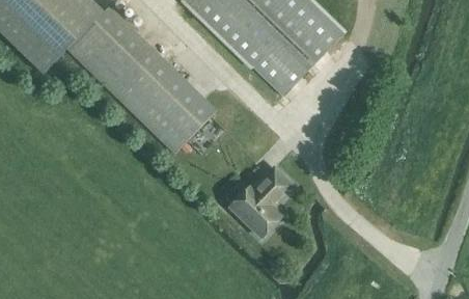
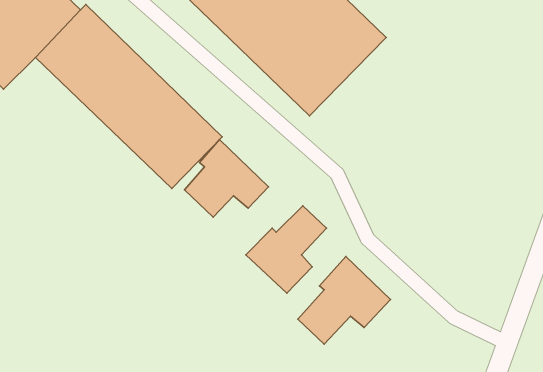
building: none -> [184,140,268,217]
building: none -> [298,257,391,344]

